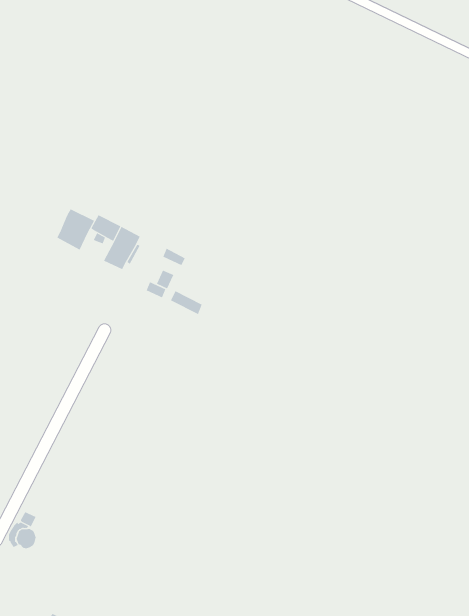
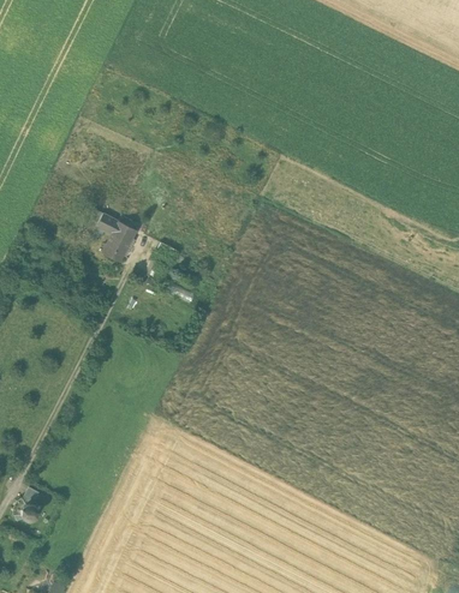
building: [56,208,95,250] -> none

